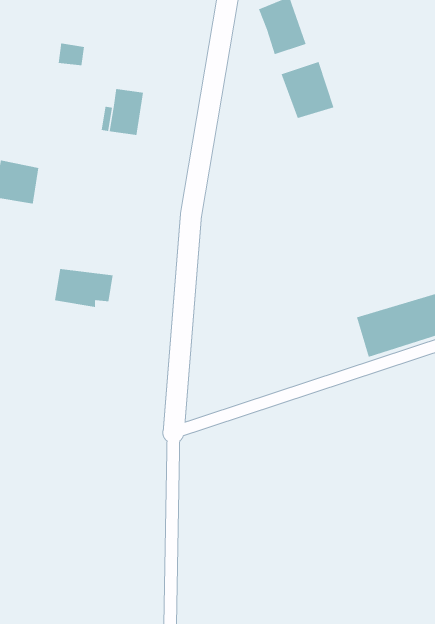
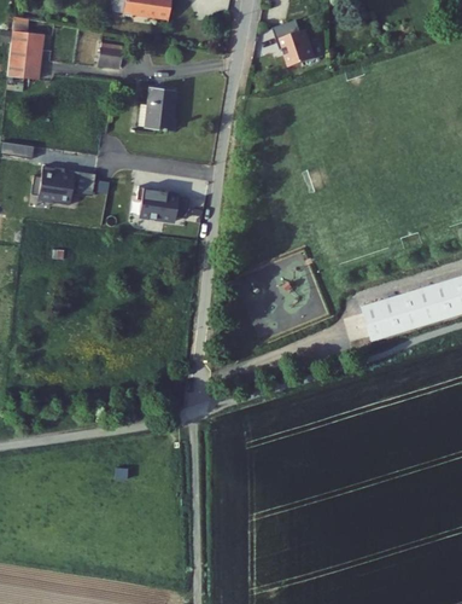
building: [281,61,334,119] -> none
building: [54,268,113,307] -> [139,186,192,221]

